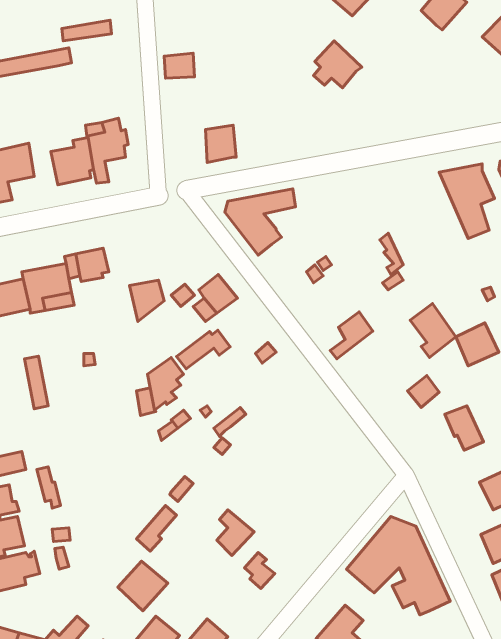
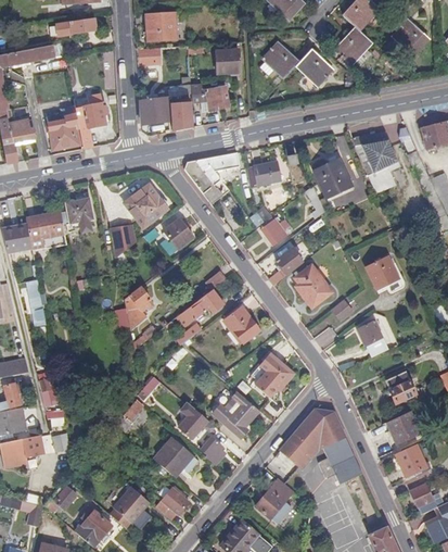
building: none -> [146,11,176,39]
building: none -> [331,23,369,60]
building: none -> [289,42,327,79]
building: none -> [217,48,240,72]
building: none -> [192,85,231,111]
building: none -> [141,96,169,122]
building: none -> [247,155,285,180]
building: none -> [315,158,354,198]
building: none -> [130,186,167,223]
building: none -> [260,217,290,246]
building: [410,304,456,358] -> [294,266,330,309]
building: [176,330,230,369] -> [183,291,226,322]
building: none -> [225,306,260,342]
building: none -> [252,351,294,397]
building: none -> [214,391,259,438]
building: [118,561,168,611] -> [154,438,193,477]

